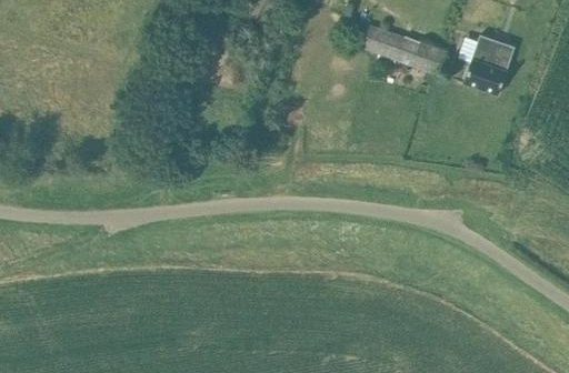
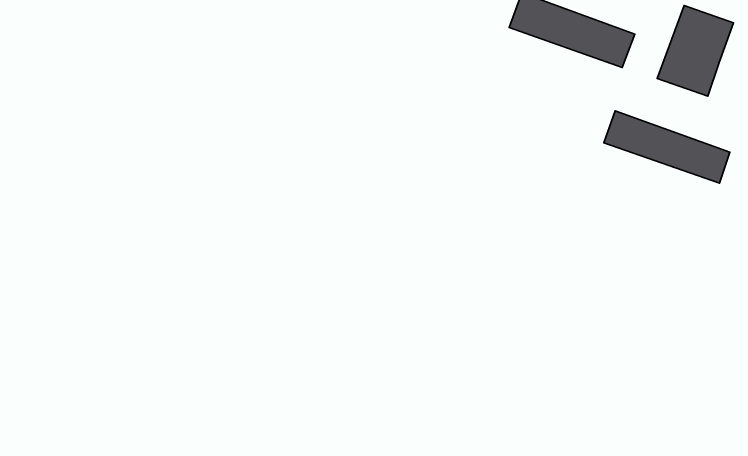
building: none -> [604,111,730,183]

